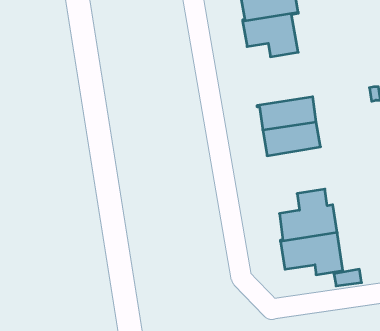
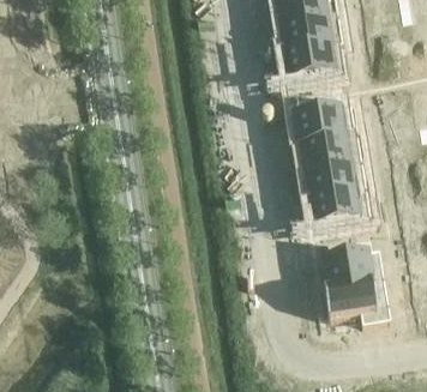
building: none -> [289,89,354,139]
building: none -> [305,183,367,222]

